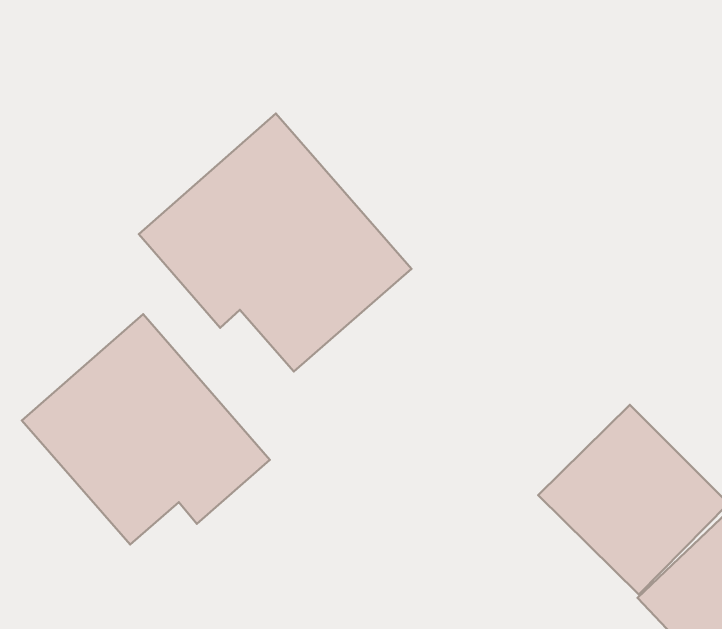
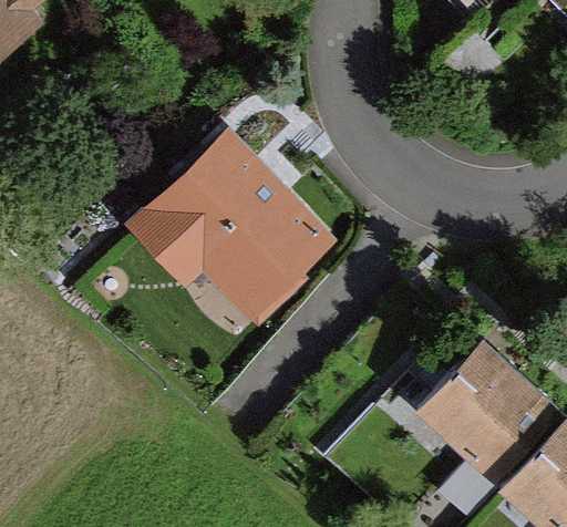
building: [22,314,270,544] -> none

